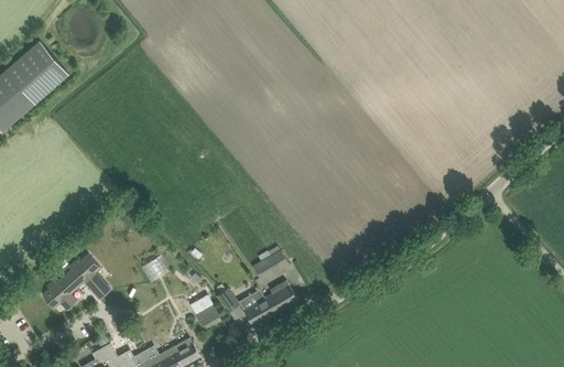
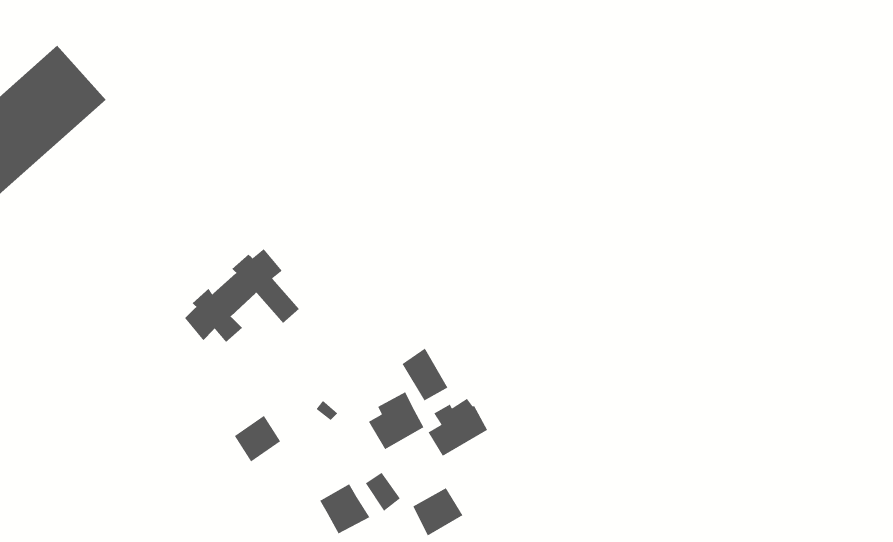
building: none -> [402,347,449,401]
building: [41,258,108,313] -> [184,248,300,343]
building: [264,280,297,314] -> [368,391,425,450]

